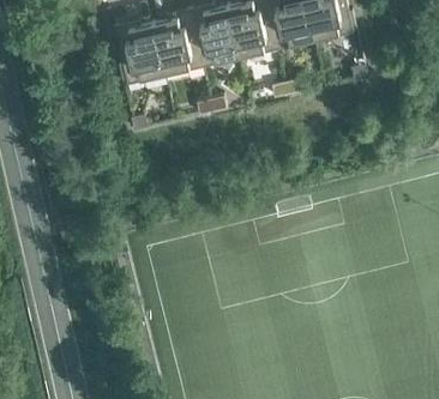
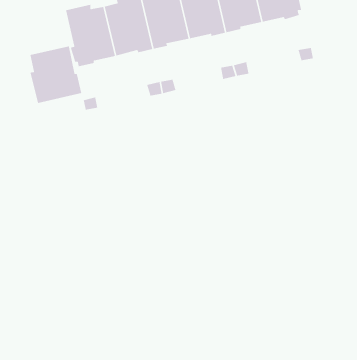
building: none -> [29,45,82,104]

